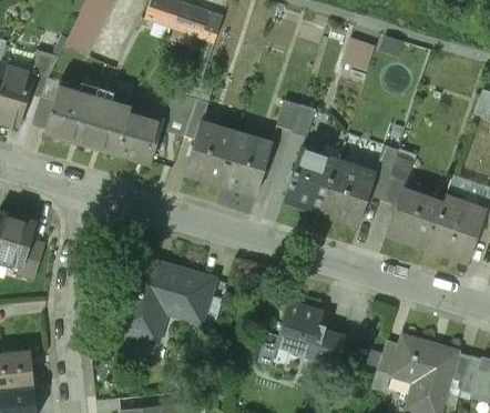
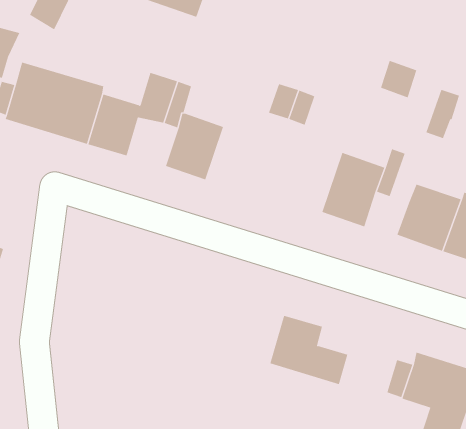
building: [343,37,375,70] -> [380,60,417,98]
building: [221,131,273,194] -> none
building: [285,148,339,212] -> none
building: [381,161,411,204] -> [426,89,460,139]
building: [115,255,215,339] -> none

